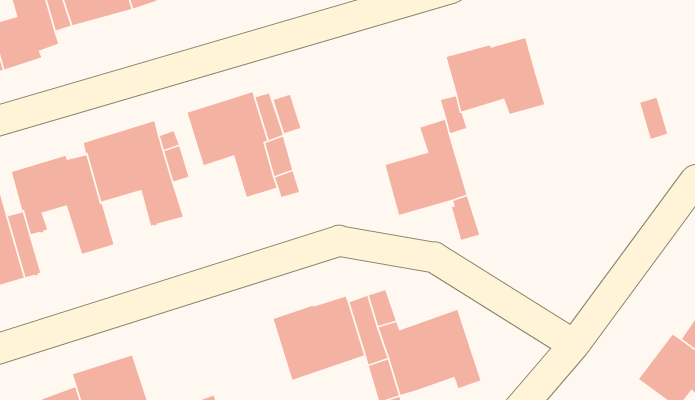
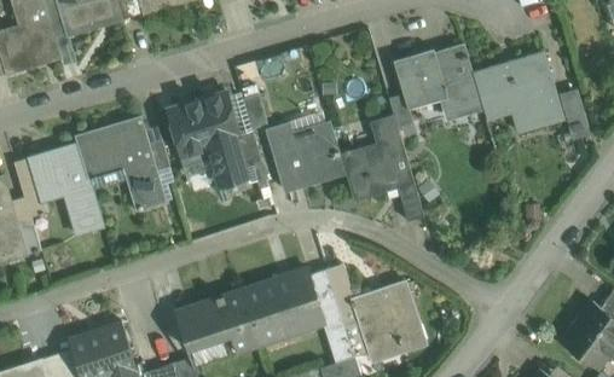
building: none -> [473,53,561,132]
building: none -> [267,121,346,190]
building: none -> [176,289,261,354]

